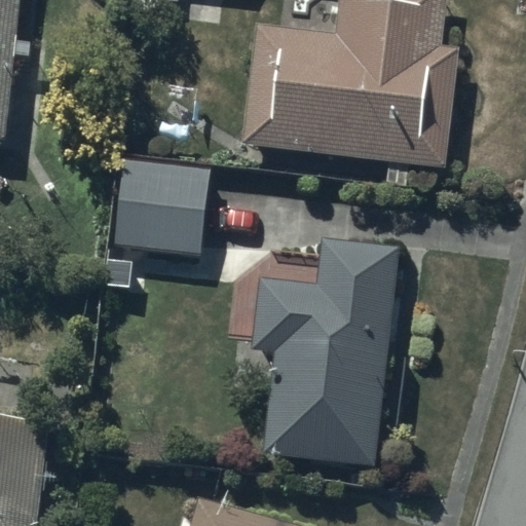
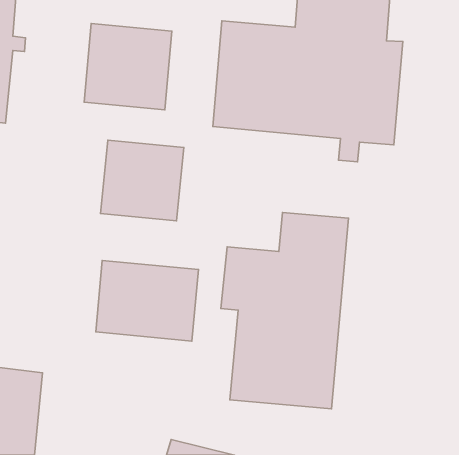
building: none -> [84,24,172,110]
building: none -> [96,260,198,341]

